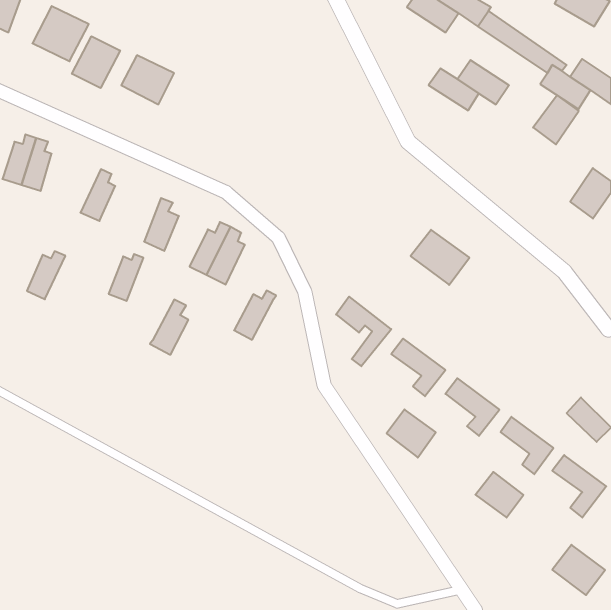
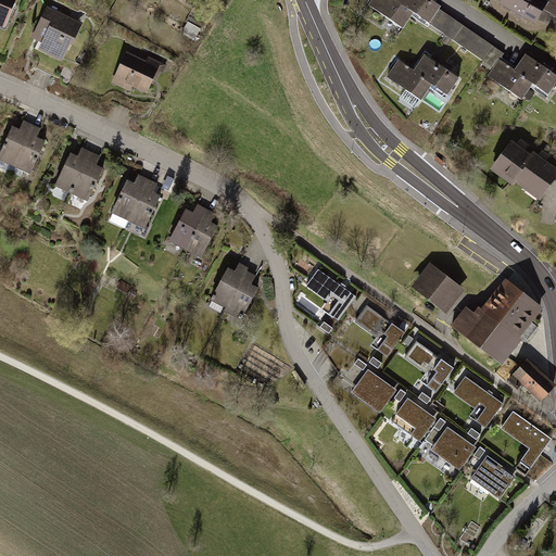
building: [72,36,120,88] -> none
building: [533,95,579,144] -> [495,138,536,182]
building: [411,230,469,285] -> [410,265,464,315]
building: [27,251,65,299] -> [56,149,91,192]
building: [109,254,143,301] -> [114,176,146,218]
building: [150,300,188,355] -> [226,270,261,320]
building: none -> [450,279,542,366]
building: none -> [389,399,434,442]
building: [552,545,605,595] -> [466,455,514,501]

